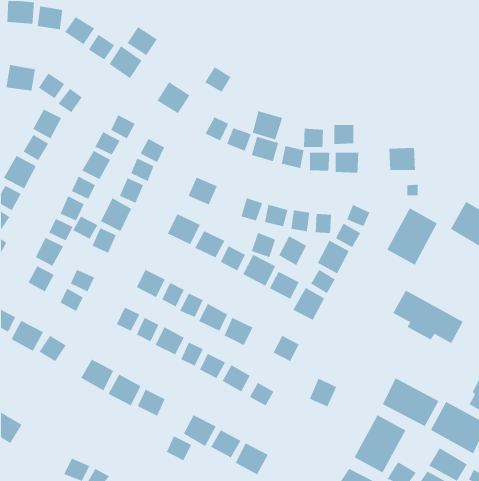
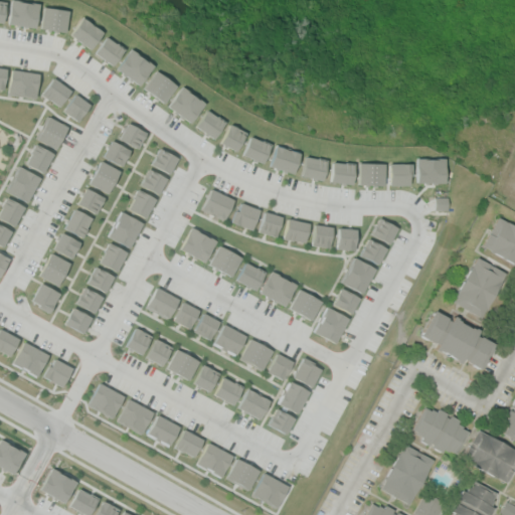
building: [127,26,158,56] -> [145,71,178,104]
building: [204,66,231,93] -> [197,111,226,139]
building: [252,110,283,140] -> none
building: [333,124,354,145] -> [390,164,412,186]
building: [303,128,324,148] -> none
building: [386,207,438,266] -> [454,256,509,319]
building: [72,215,98,240] -> [88,267,116,293]
building: [251,232,276,258] -> [233,202,261,230]
building: [278,235,307,266] -> none
building: none -> [269,353,294,380]
building: [309,377,337,408] -> [280,381,310,413]
building: [166,435,192,462] -> [176,430,204,458]
building: none -> [41,469,77,503]

